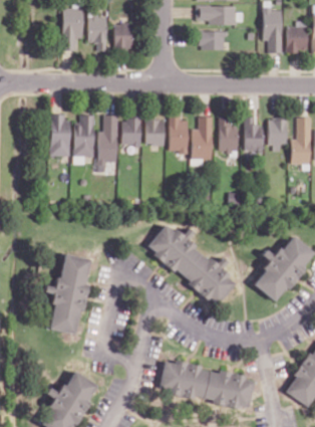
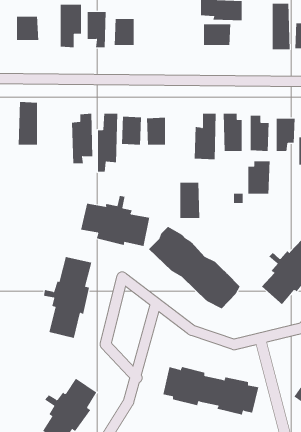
building: none -> [16,16,39,41]
building: [48,115,67,157] -> [18,101,38,145]
building: [168,119,188,154] -> [179,182,200,218]
building: none -> [248,160,270,195]
building: none -> [81,195,150,247]

